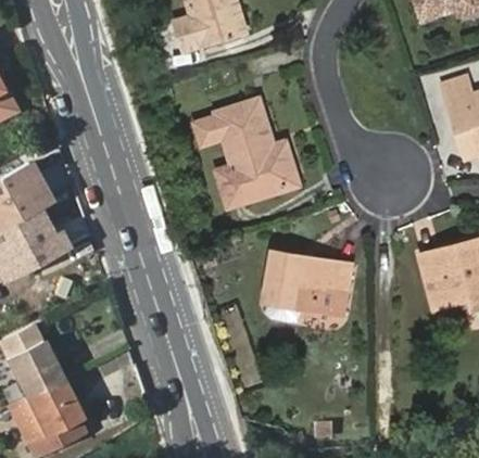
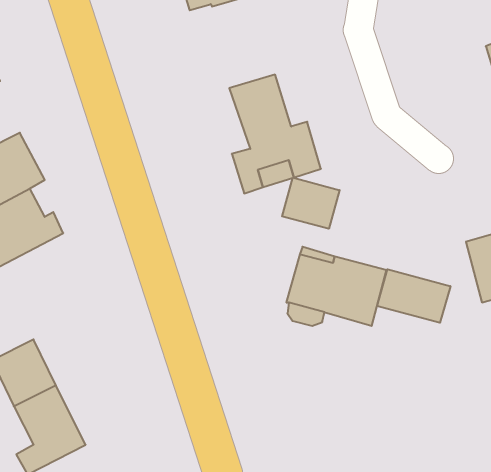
building: none -> [282,178,340,229]
building: none -> [377,269,450,323]

